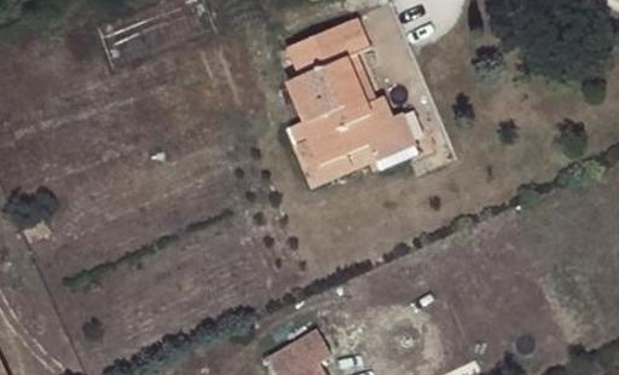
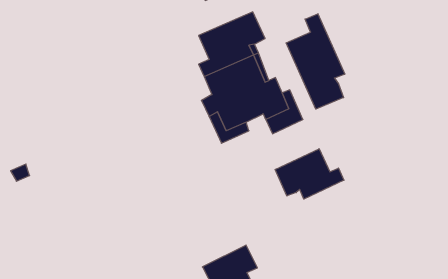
building: none -> [286,14,345,109]
building: none -> [275,149,344,199]

